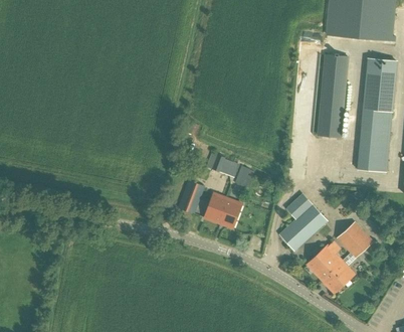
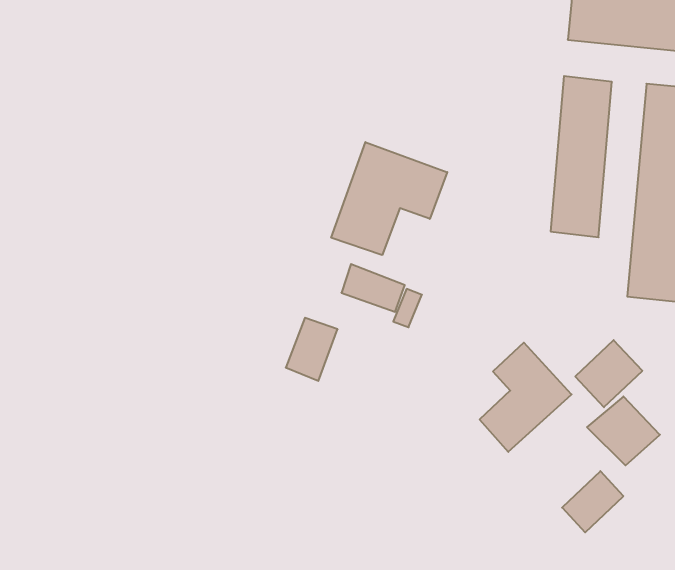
building: none -> [331,142,447,255]
building: [205,193,241,227] -> none
building: [308,244,343,280] -> [575,340,642,407]

